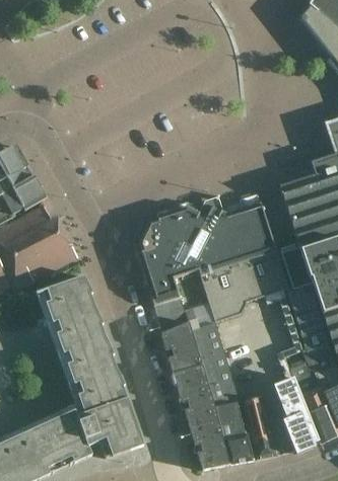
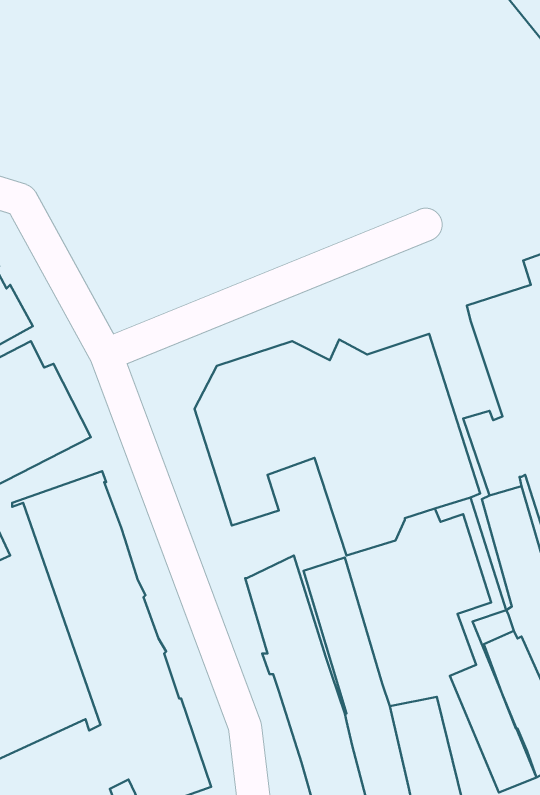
building: [154,296,188,332] -> none

